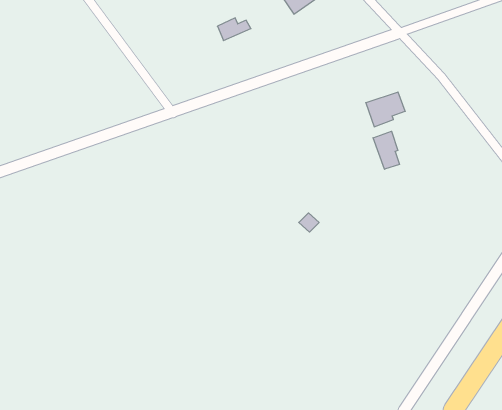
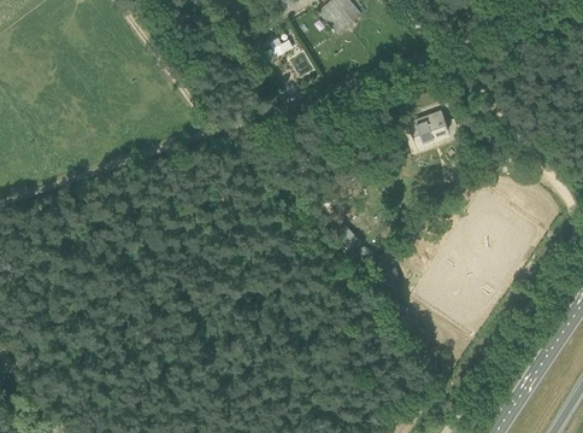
building: [373,131,400,169] -> none

